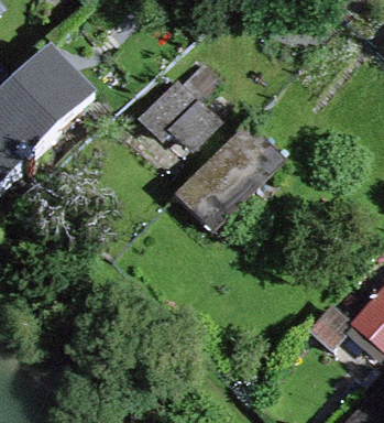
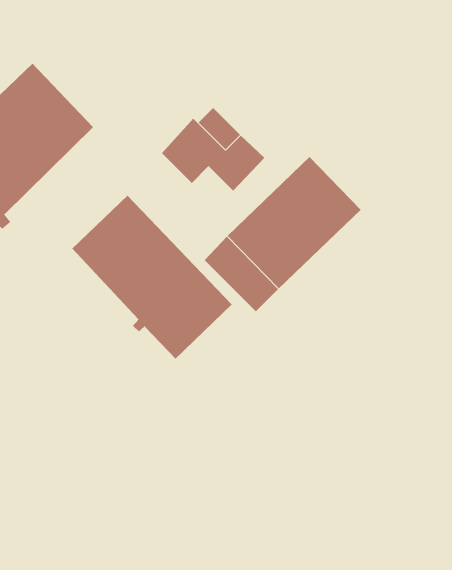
building: none -> [72,195,233,359]

